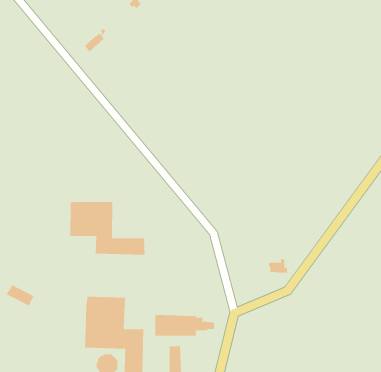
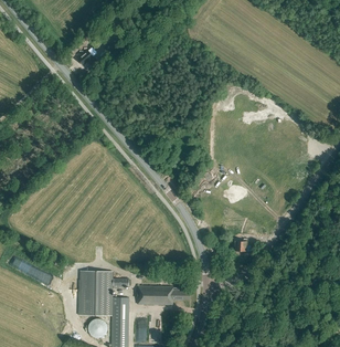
building: [70,201,145,255] -> none

